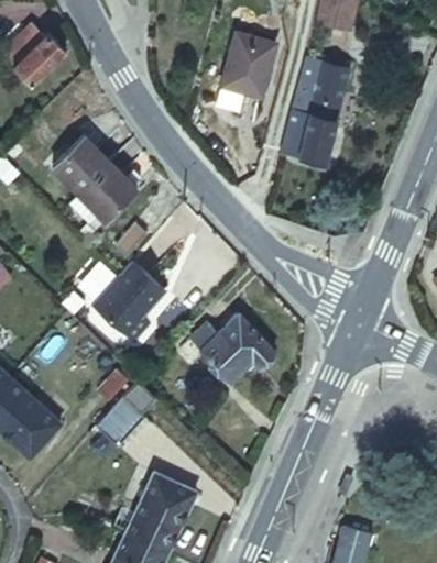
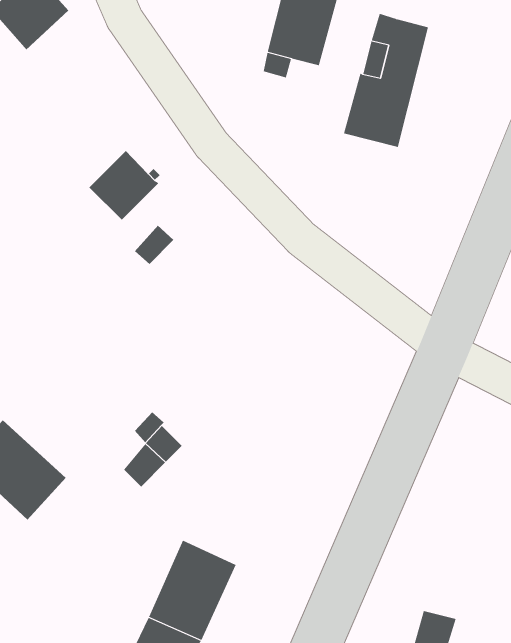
building: [53,136,109,194] -> none
building: [91,262,163,342] -> none
building: [188,312,273,379] -> none

